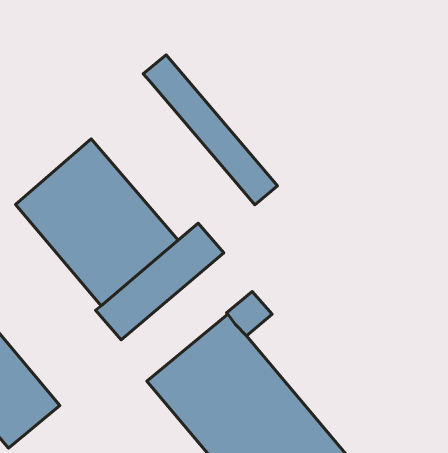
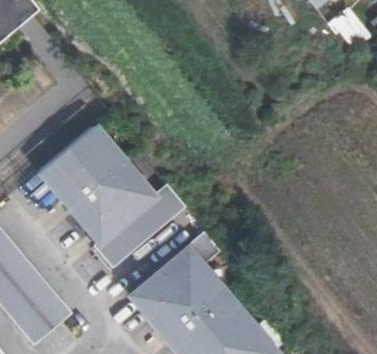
building: [143,55,278,205] -> none

